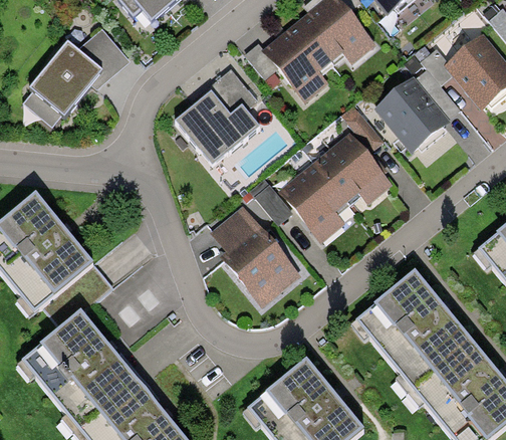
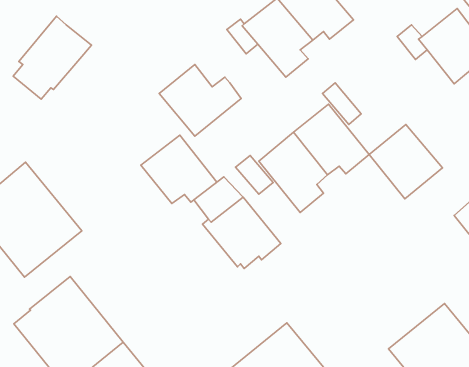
building: [78,28,131,89] -> none
building: [209,69,258,114] -> none
building: [374,76,451,154] -> [369,124,443,199]
building: none -> [141,135,217,204]
building: [357,270,471,386] -> none

